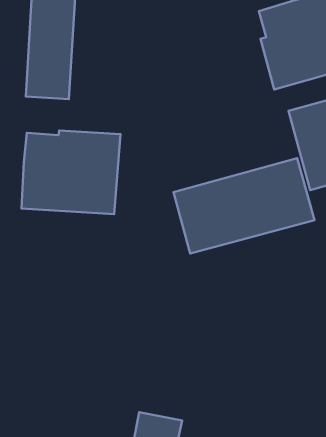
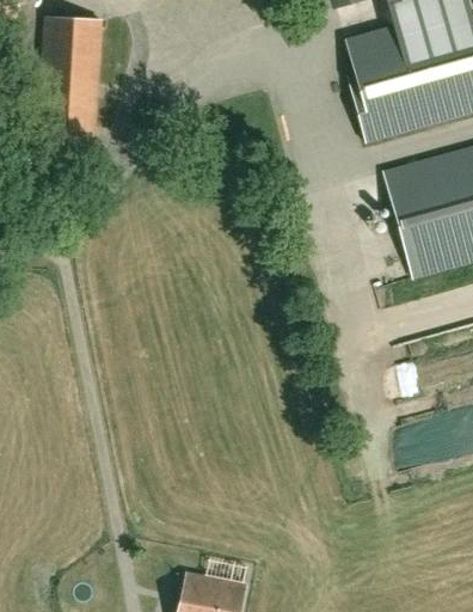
building: [21,131,120,214] -> none
building: [173,158,314,254] -> none

